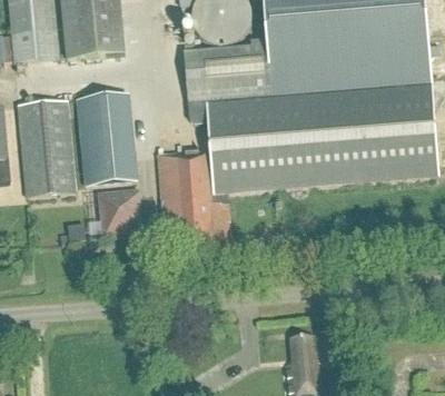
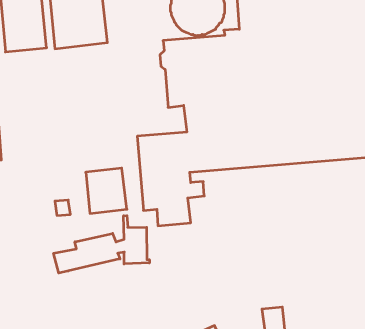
building: [77,93,137,186] -> none
building: [18,99,75,196] -> none
building: none -> [54,216,149,273]

